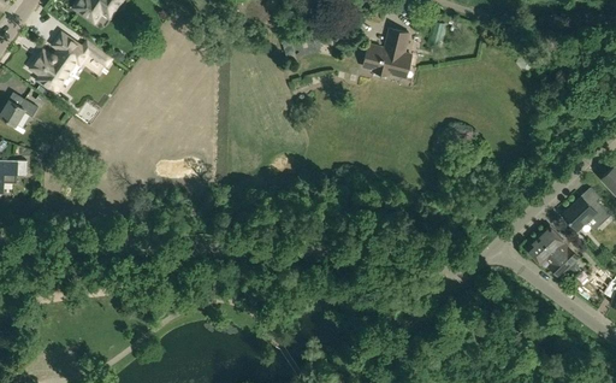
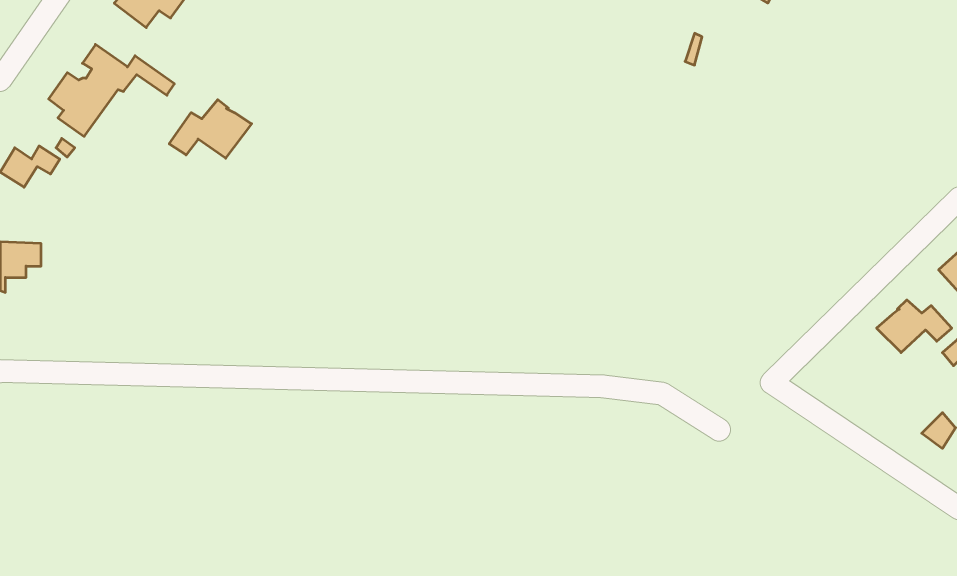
building: [362,28,411,78] -> none
building: none -> [169,100,252,158]
building: [527,226,574,273] -> none

